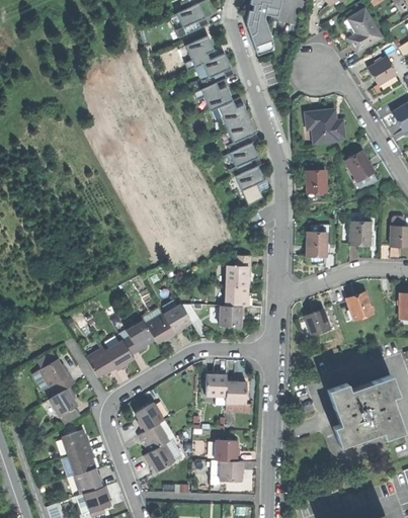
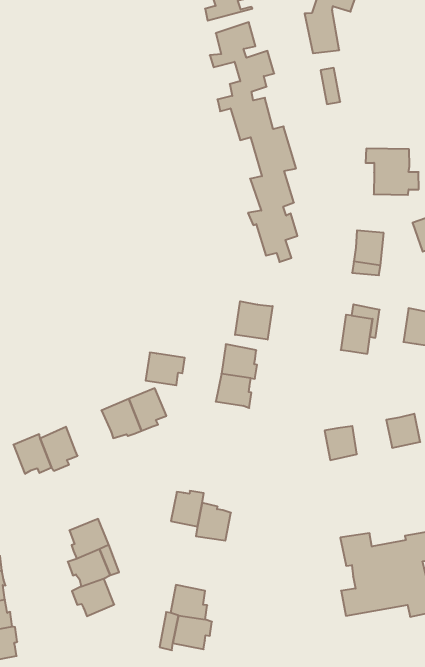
building: none -> [235,301,273,340]
building: [219,306,244,326] -> [146,353,185,385]
building: [120,320,153,355] -> none

